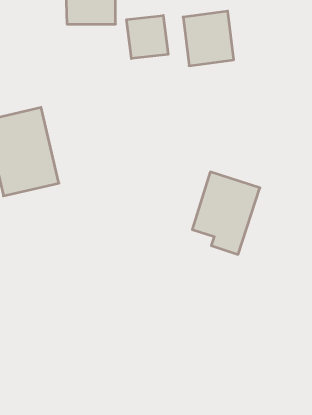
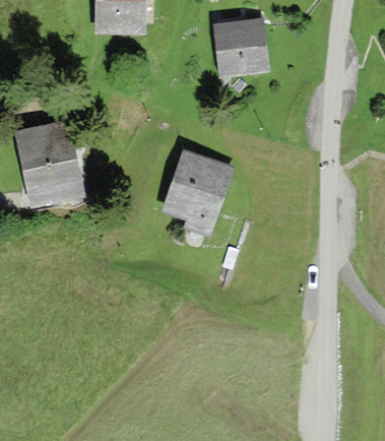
building: [127,15,168,59] -> none
building: [192,172,260,254] -> [165,151,234,236]

